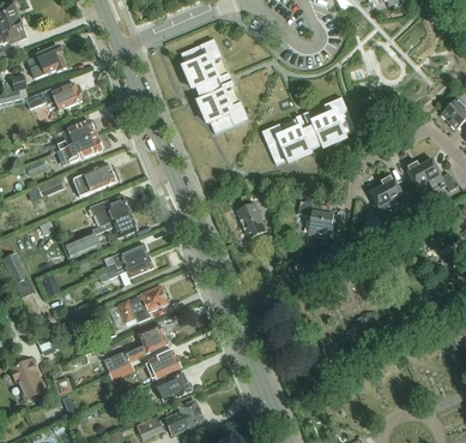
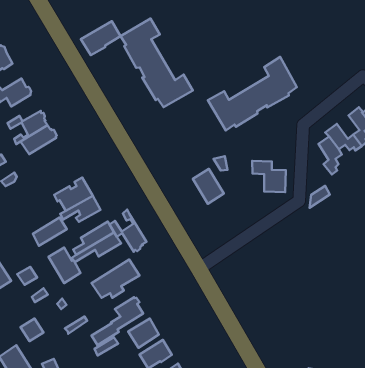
building: none -> [81,21,120,55]
building: [72,164,115,197] -> none
building: none -> [110,210,146,252]
building: none -> [49,248,80,283]

